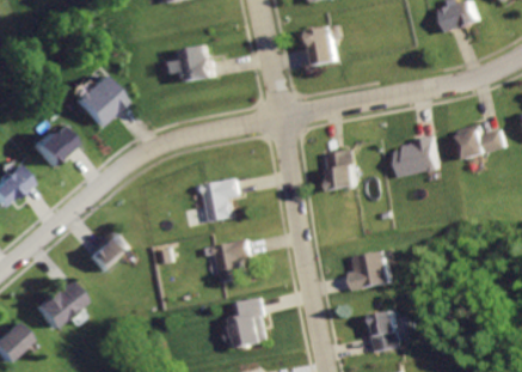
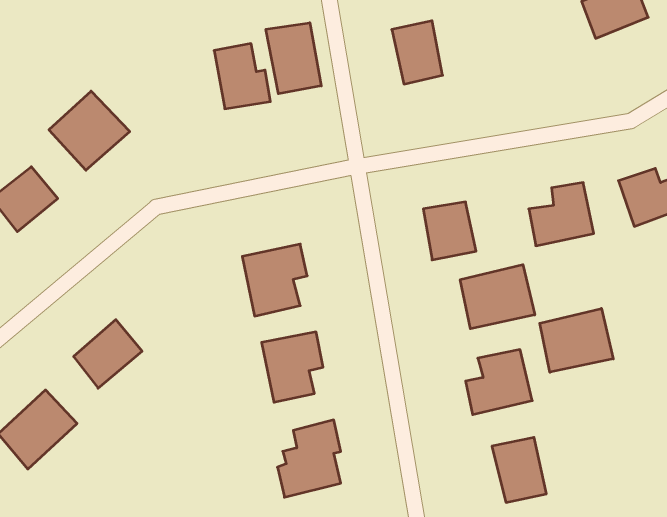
building: none -> [266,23,321,94]
building: none -> [460,265,535,329]
building: none -> [540,308,613,372]

